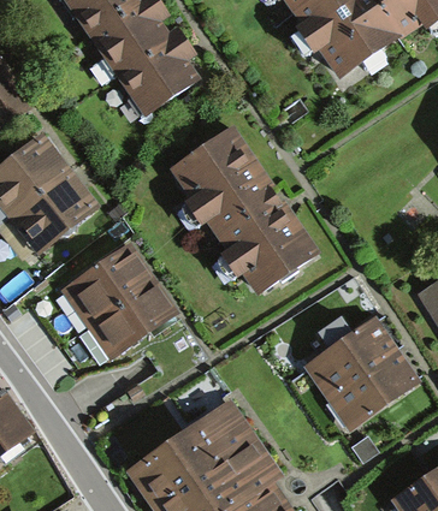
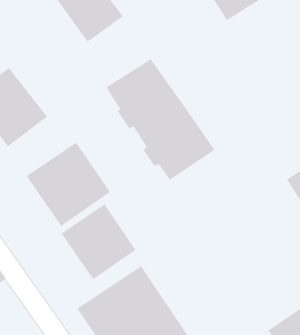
building: [308,325,409,424] -> none
building: none -> [61,204,136,280]

